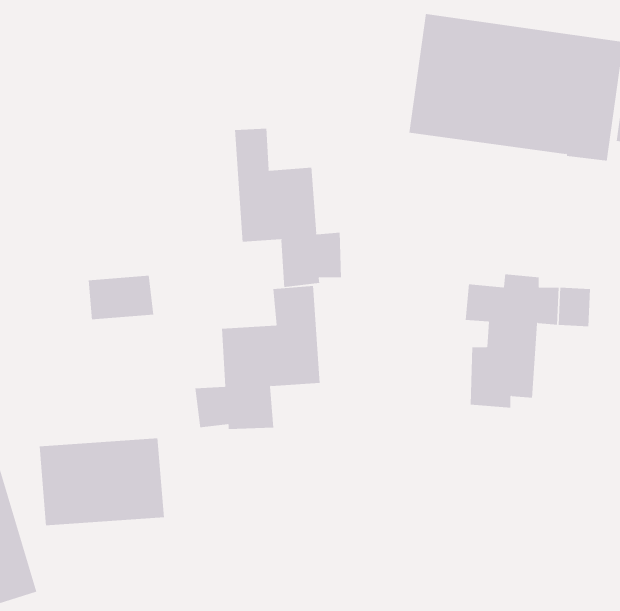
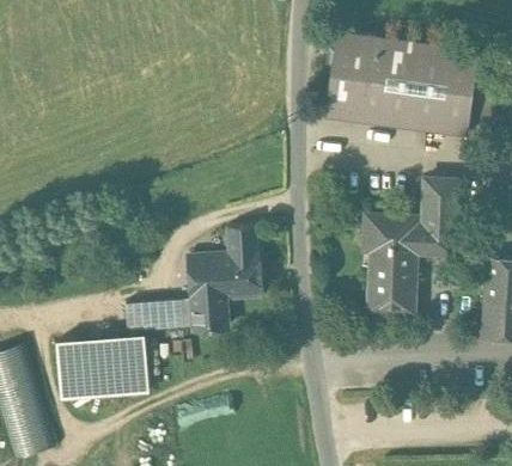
building: [235,128,341,288] -> none
building: none -> [422,183,457,228]
building: [88,275,154,320] -> [124,300,172,332]

